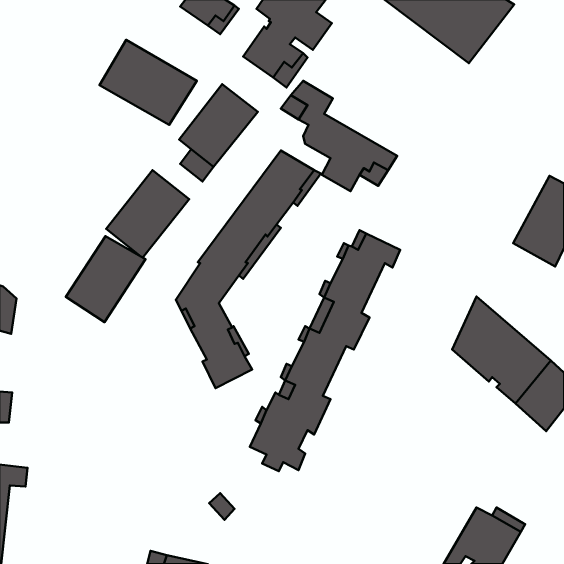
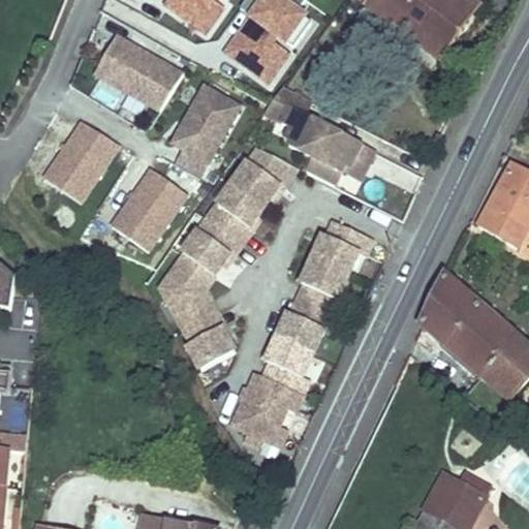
building: [66,236,145,322] -> [41,126,116,207]

